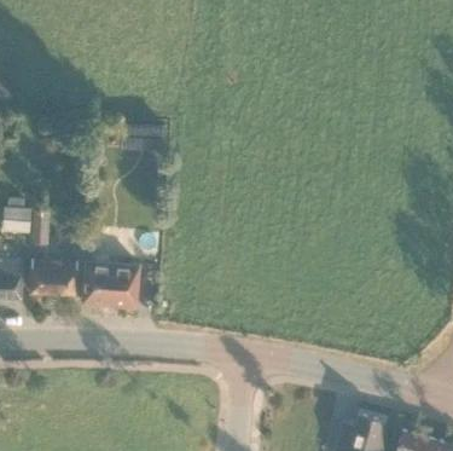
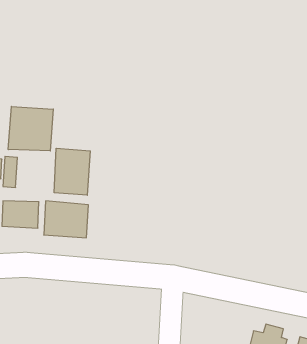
building: none -> [8,106,53,151]
building: none -> [54,148,90,195]

